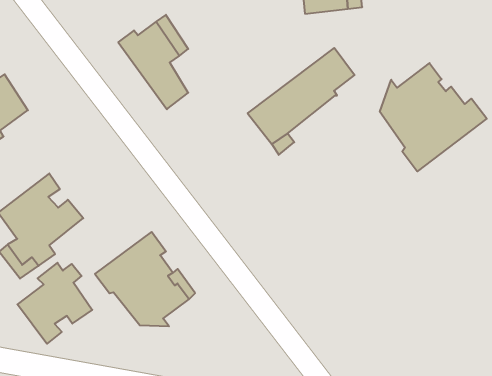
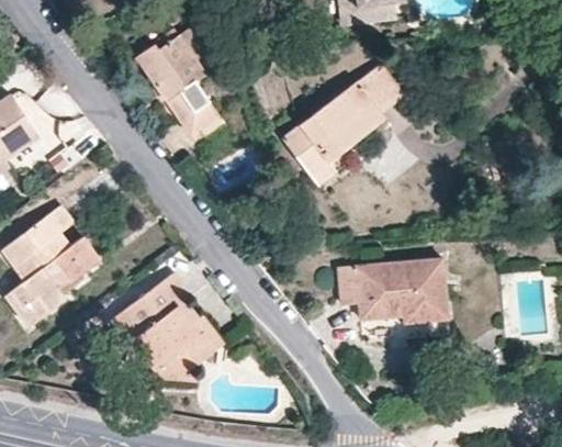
building: [380,63,487,171] -> none
building: none -> [339,257,448,323]
building: [17,263,92,344] -> none

